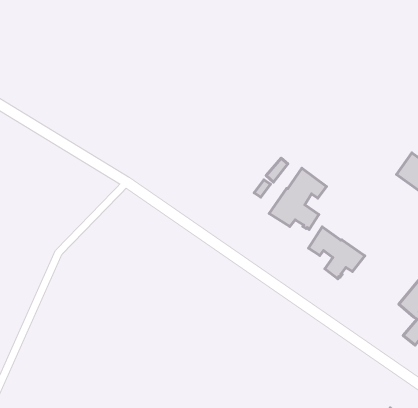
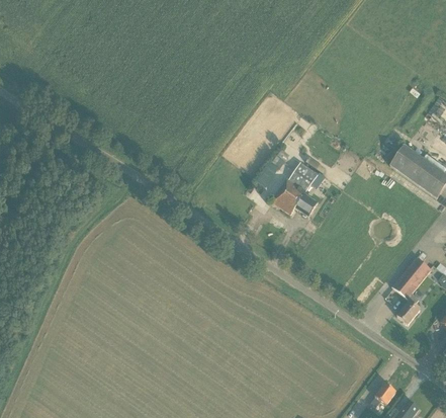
building: [309,227,365,279] -> none

